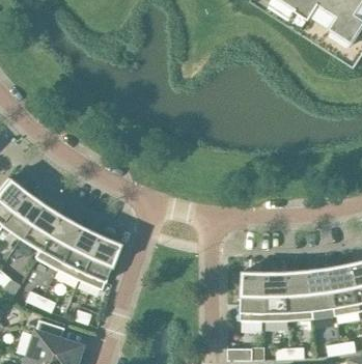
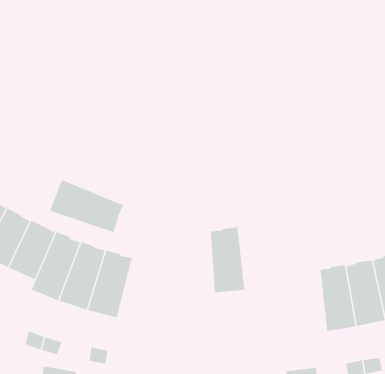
building: none -> [49,179,124,233]
building: [240,272,266,323] -> [210,227,245,293]

